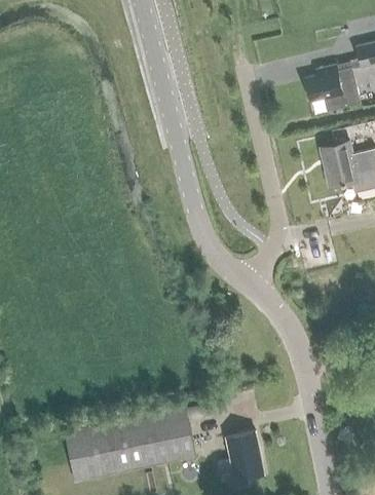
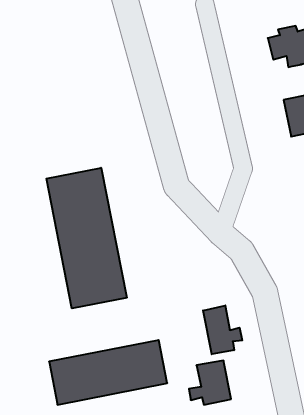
building: none -> [46,168,127,308]
building: none -> [203,305,242,354]

